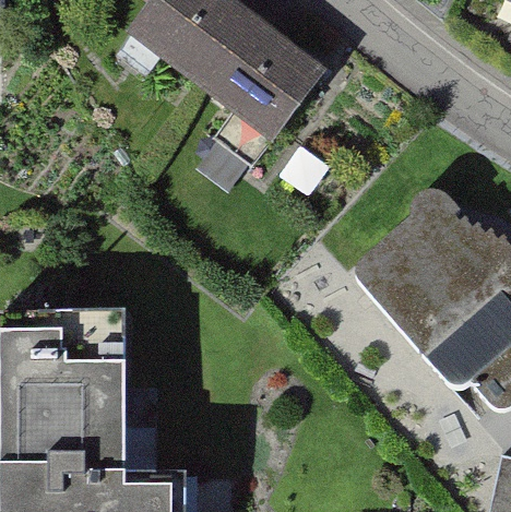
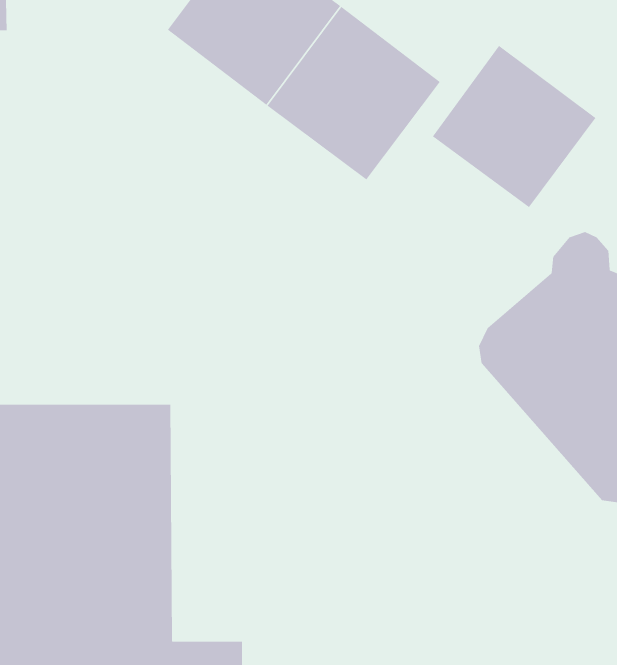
building: none -> [432,45,597,208]

